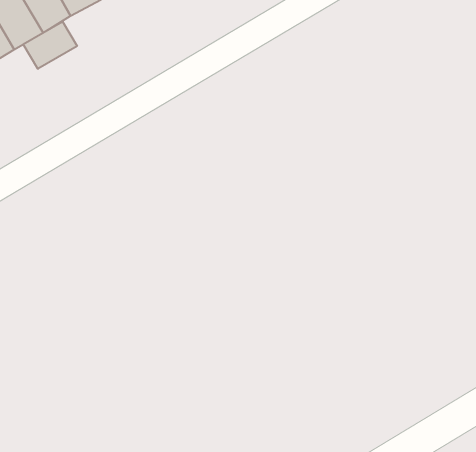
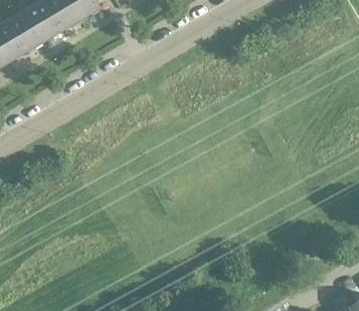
building: [23,21,77,69] -> none

